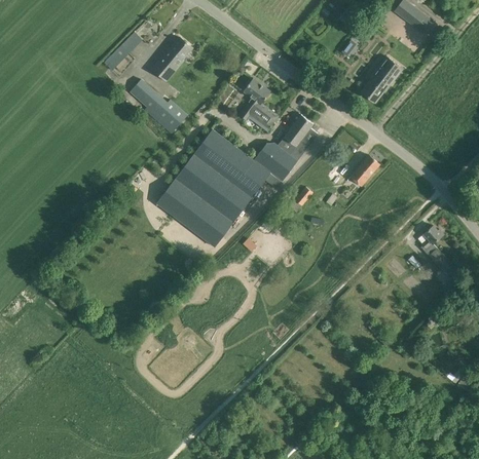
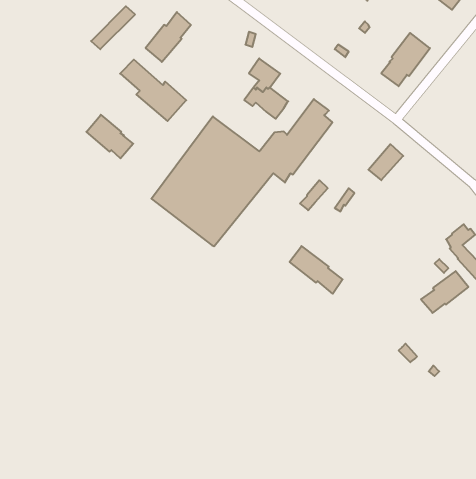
building: none -> [86,115,133,158]
building: none -> [290,246,343,294]
building: none -> [421,271,468,313]

